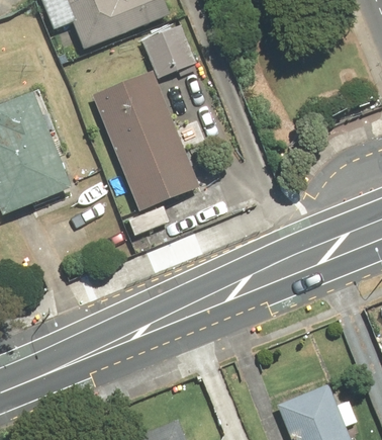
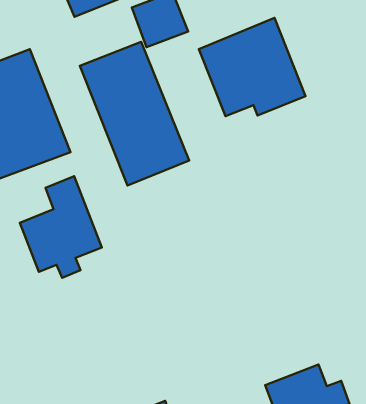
building: none -> [199,18,305,116]
building: none -> [20,176,102,278]

